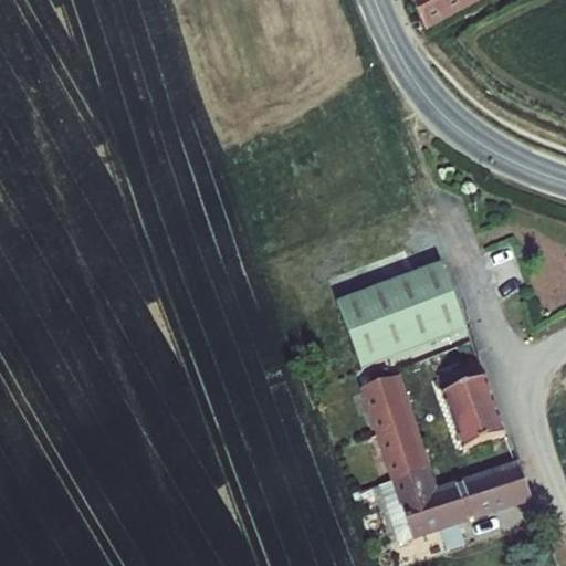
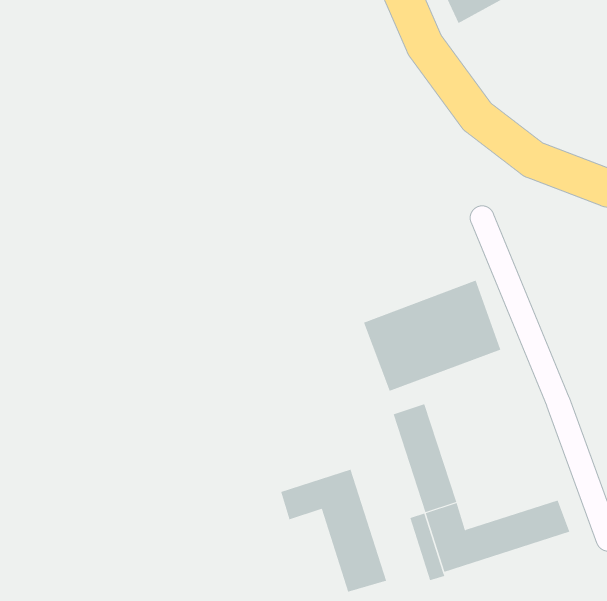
building: [437,358,506,447] -> none
building: none -> [280,469,387,592]

